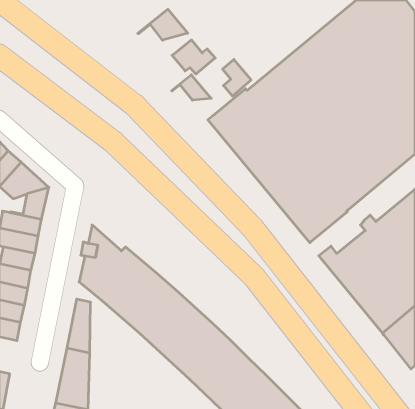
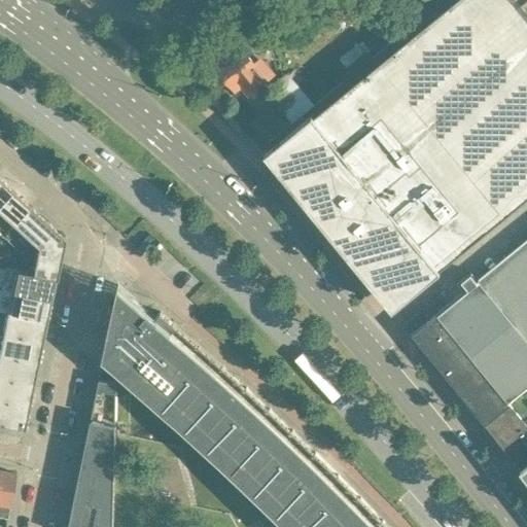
building: [138,9,188,40] -> none
building: [172,75,211,100] -> none

